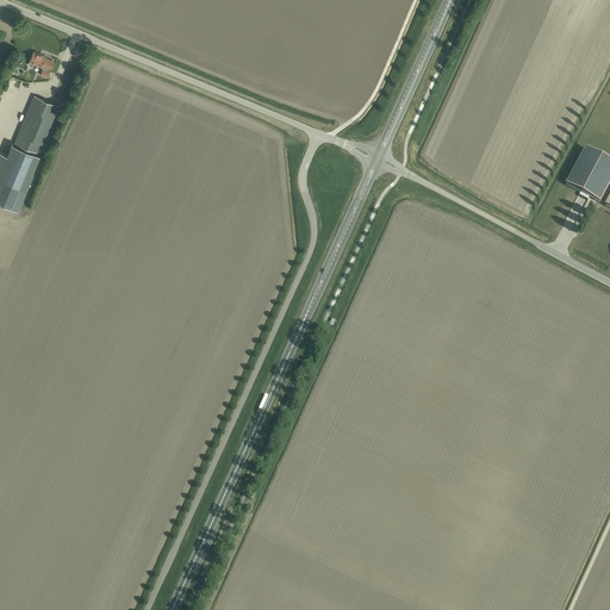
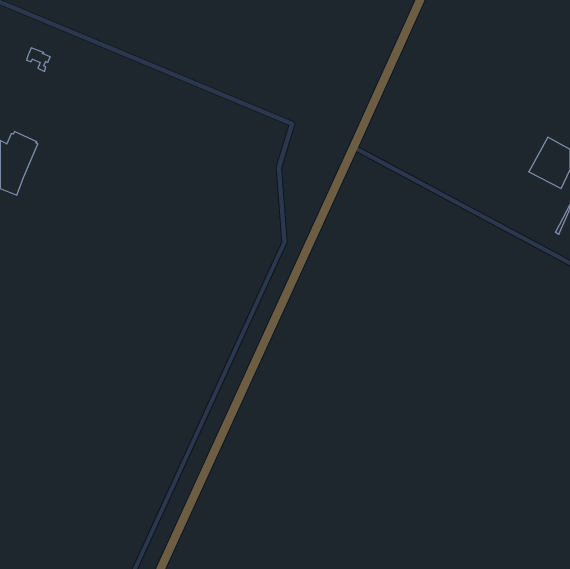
building: [14,95,58,151] -> none

